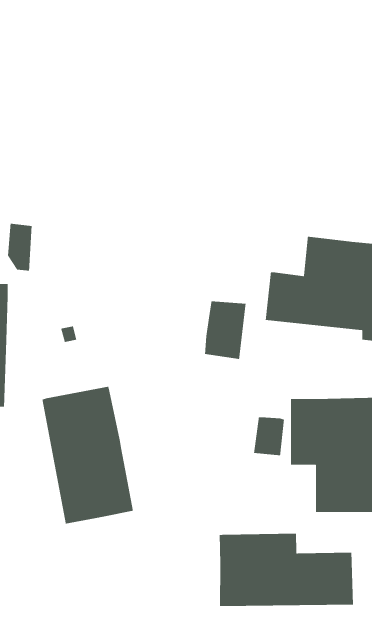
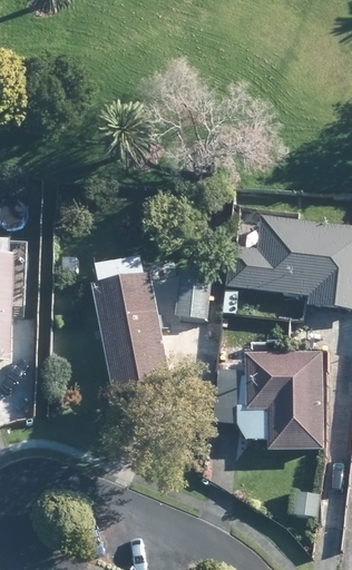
building: [41,386,134,524] -> [94,273,172,390]
building: [219,533,354,607] -> none

